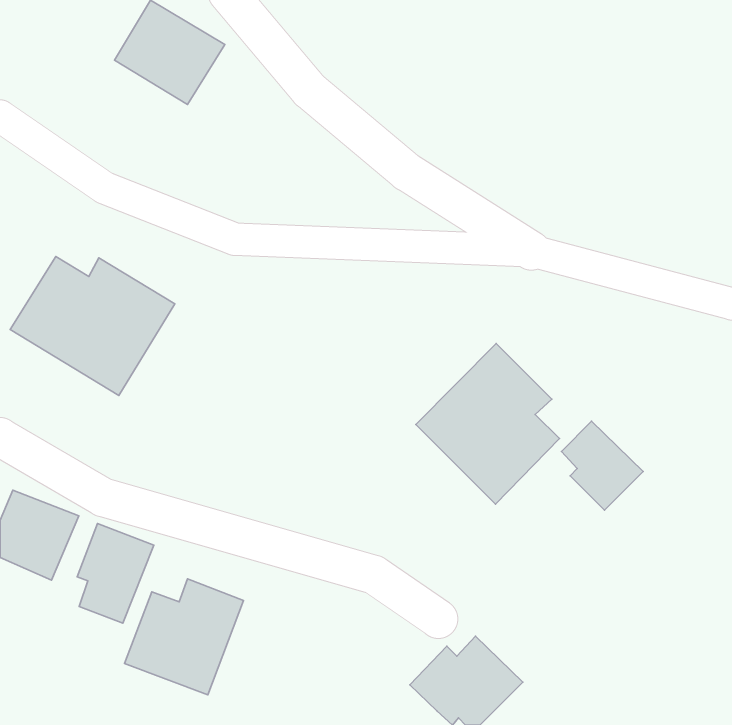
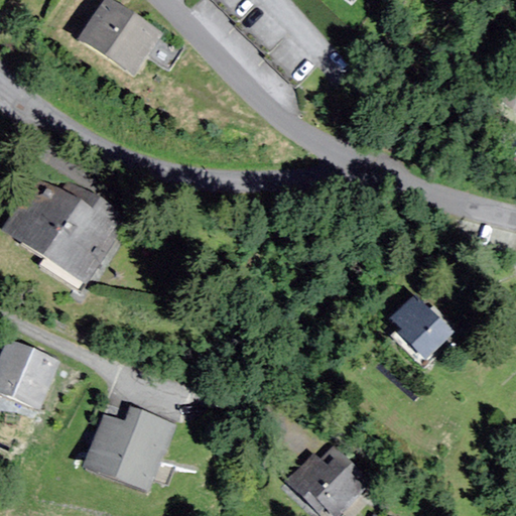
building: [416,344,559,504] -> none
building: [77,524,154,623] -> none

